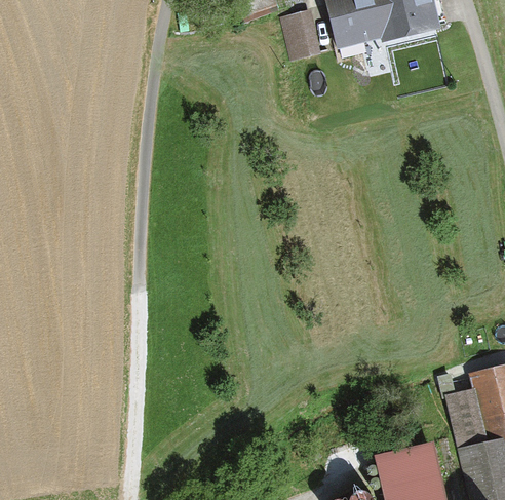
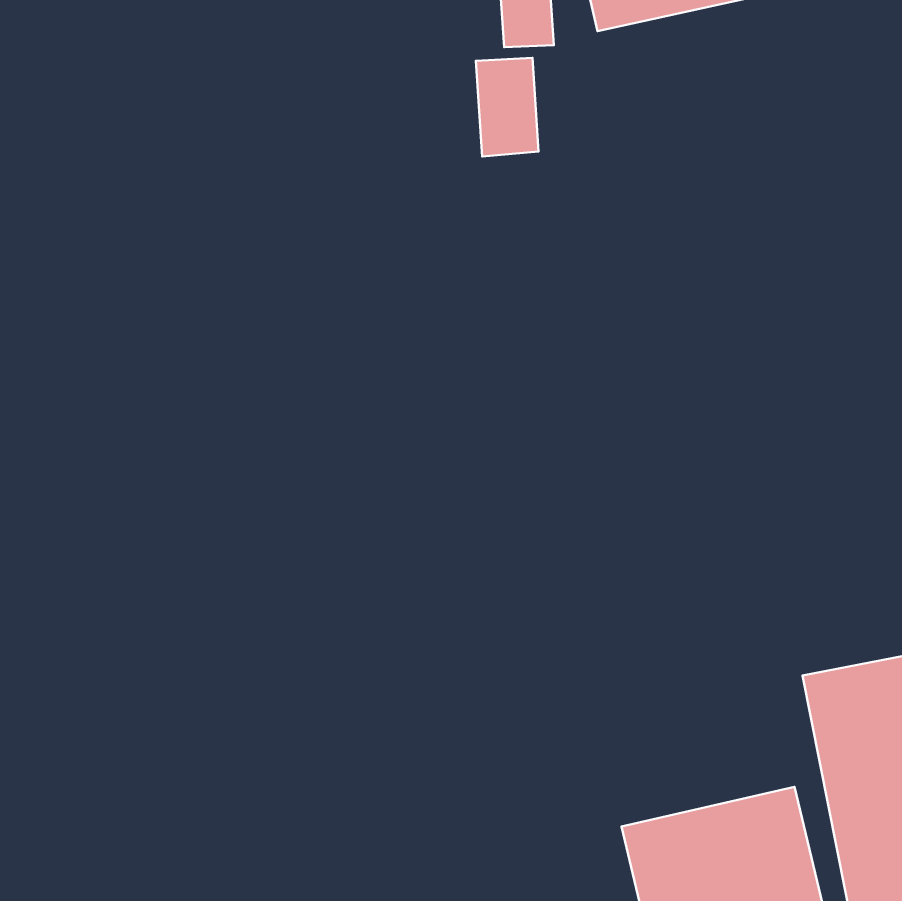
building: none -> [476,58,538,157]

